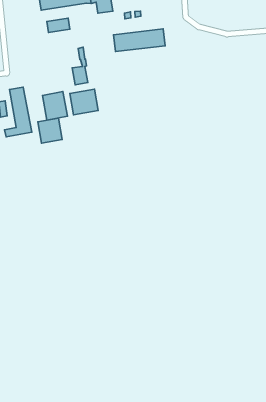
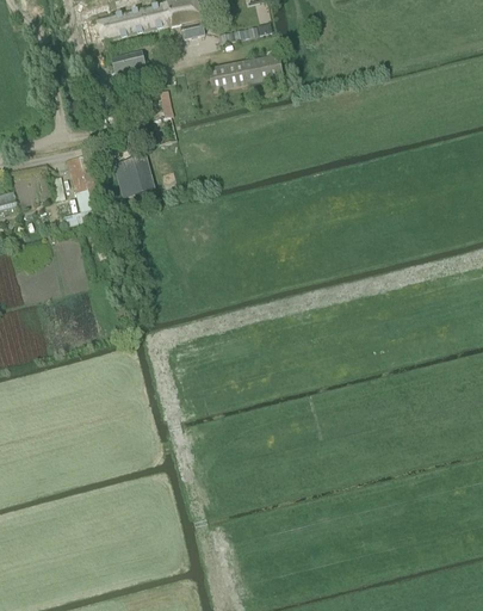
building: [70,89,98,115] -> none
building: [38,118,62,143] -> none

